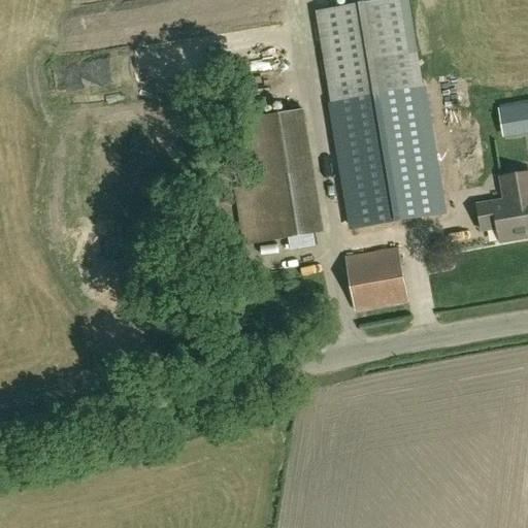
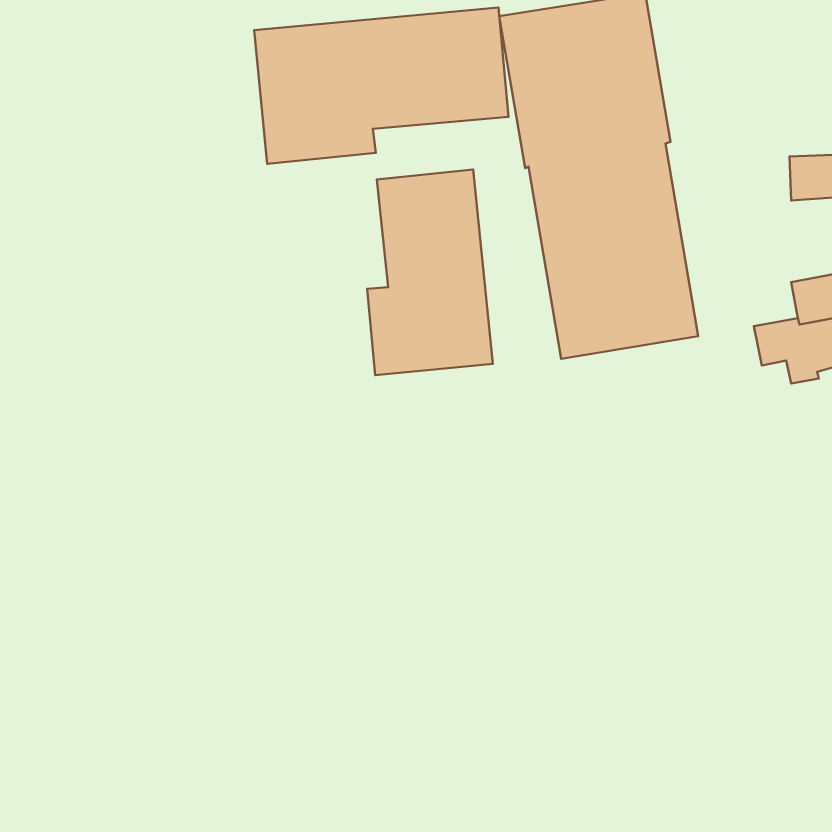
building: none -> [254,7,508,164]
building: [346,249,408,310] -> none

